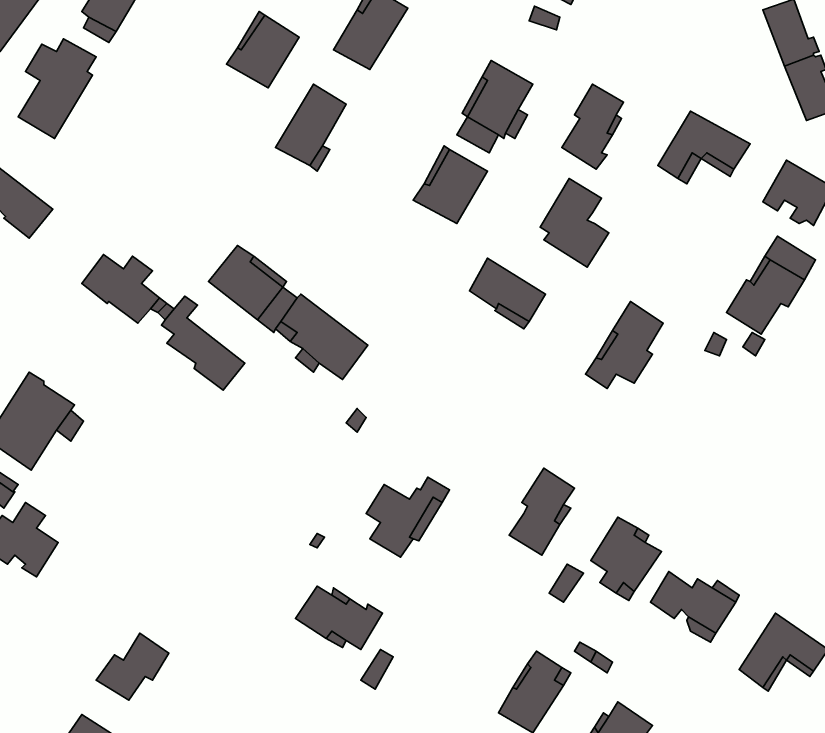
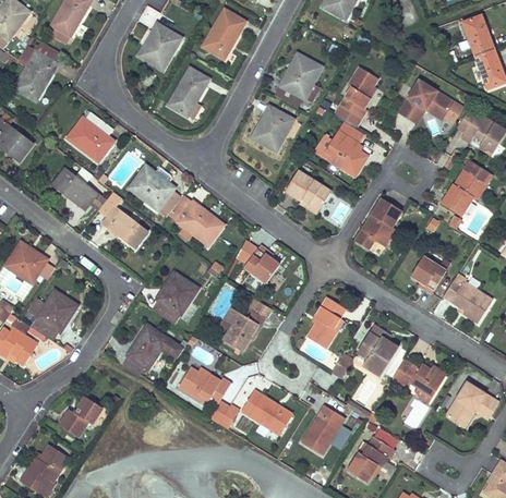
building: none -> [67,111,113,161]
building: none -> [242,244,278,281]
building: none -> [408,255,449,293]
building: none -> [154,270,197,323]
building: none -> [442,278,491,324]
building: none -> [27,288,77,339]
building: none -> [125,323,183,367]
building: none -> [241,390,292,436]

